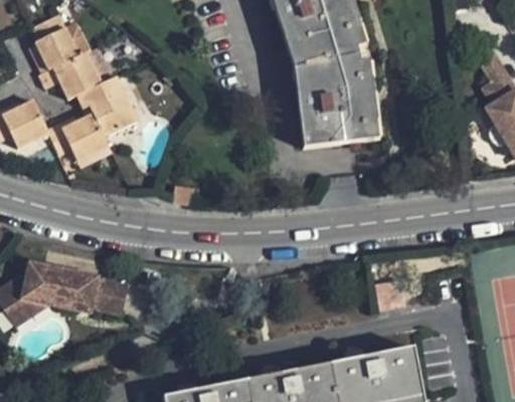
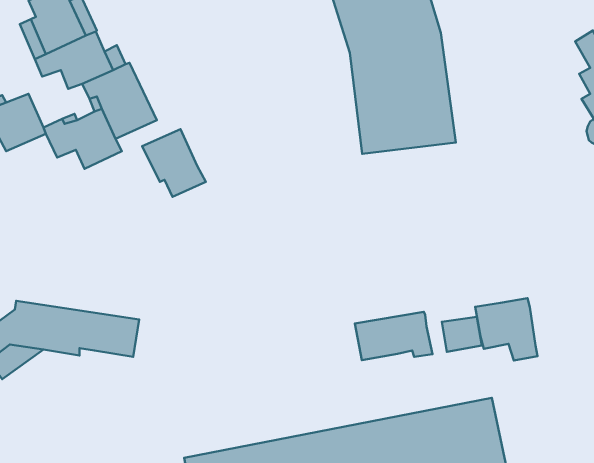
building: none -> [142,129,206,197]
building: none -> [475,298,537,360]
building: none -> [355,312,432,360]

